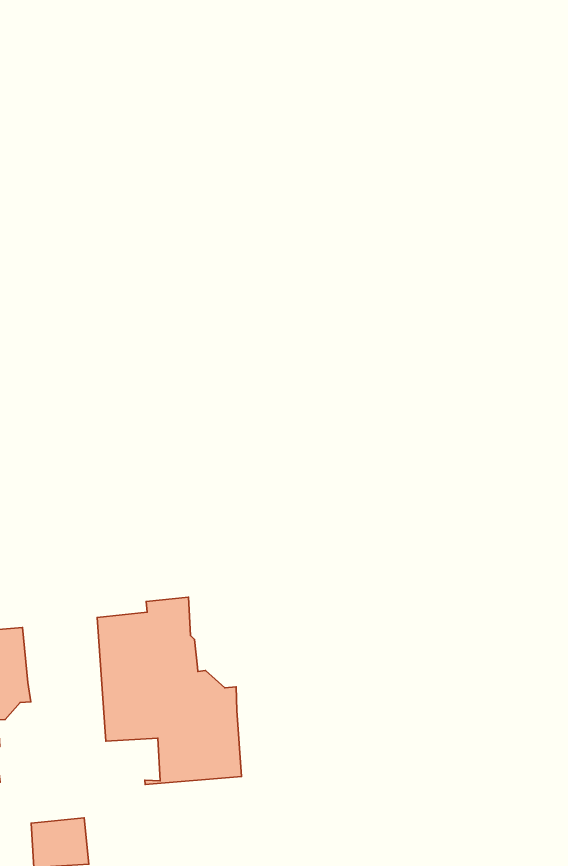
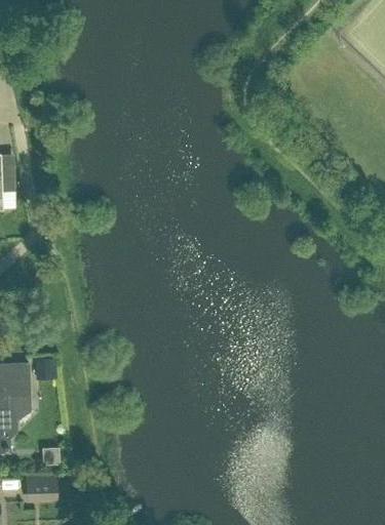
building: [97,597,241,785] -> none

